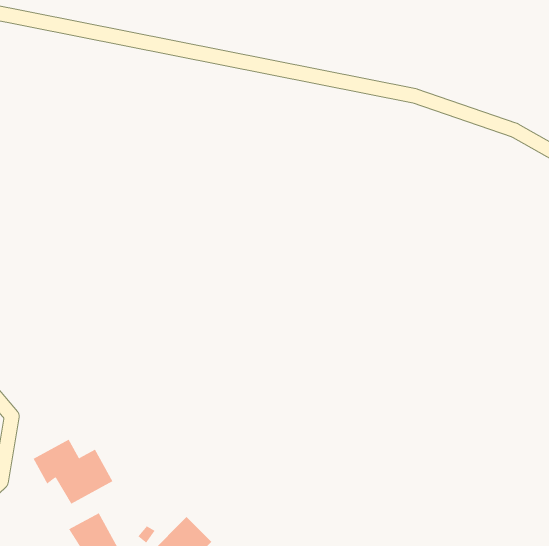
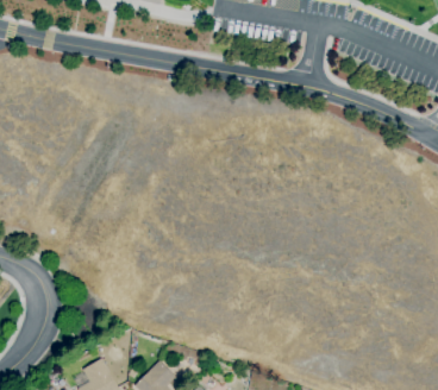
building: [33,439,113,505] -> none

